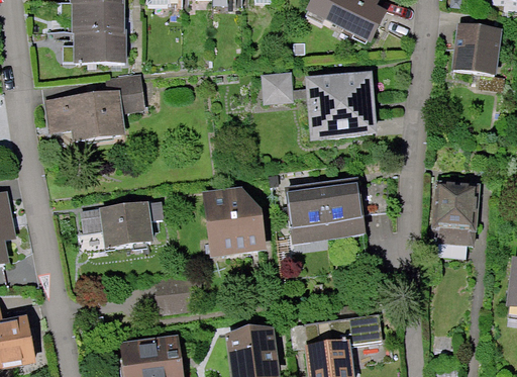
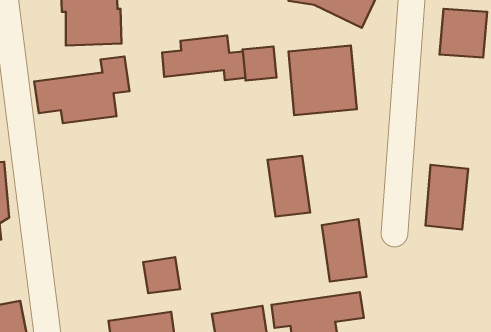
building: none -> [162,36,245,80]
building: [314,169,359,232] -> [322,219,366,282]
building: [205,190,268,258] -> none
building: [78,202,157,250] -> none

